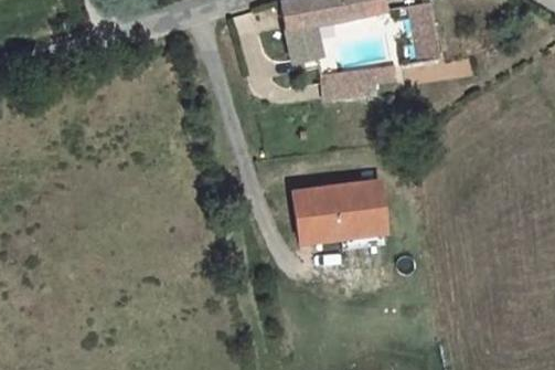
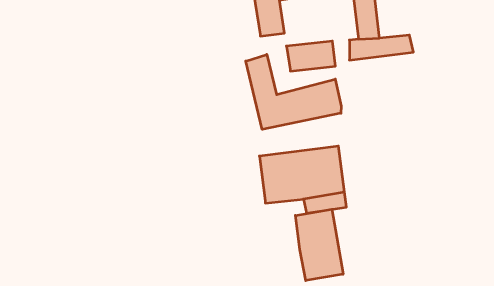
building: none -> [246,54,341,129]
building: none -> [295,209,343,281]

